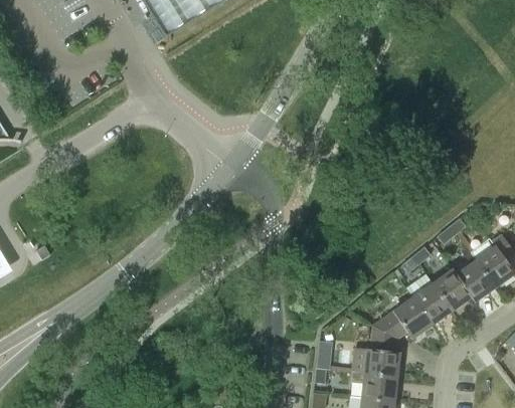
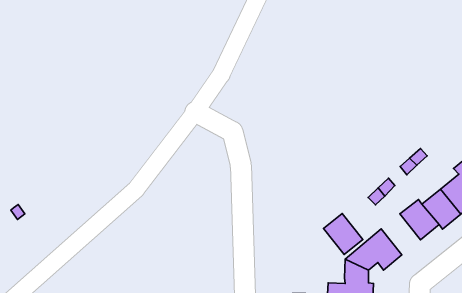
building: [413,282,453,325] -> [324,213,363,254]

